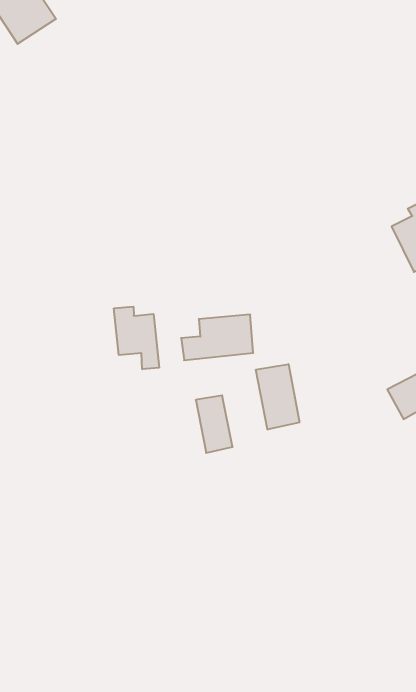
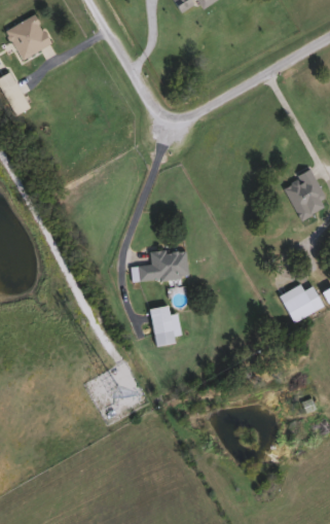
building: [114,307,159,369] -> none
building: [256,364,299,430] -> none

